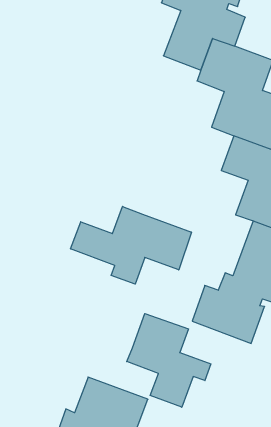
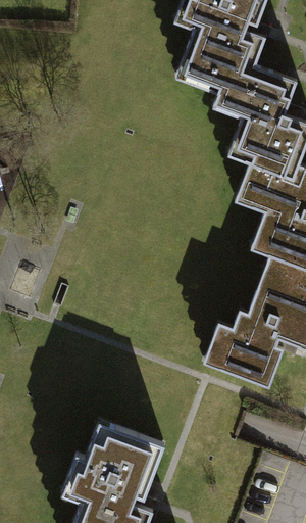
building: [71,206,191,284] -> none
building: [127,314,211,407] -> none

